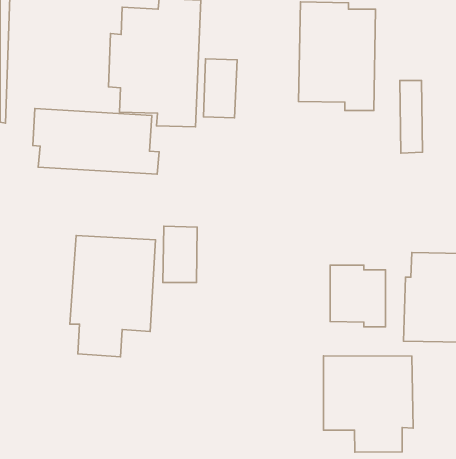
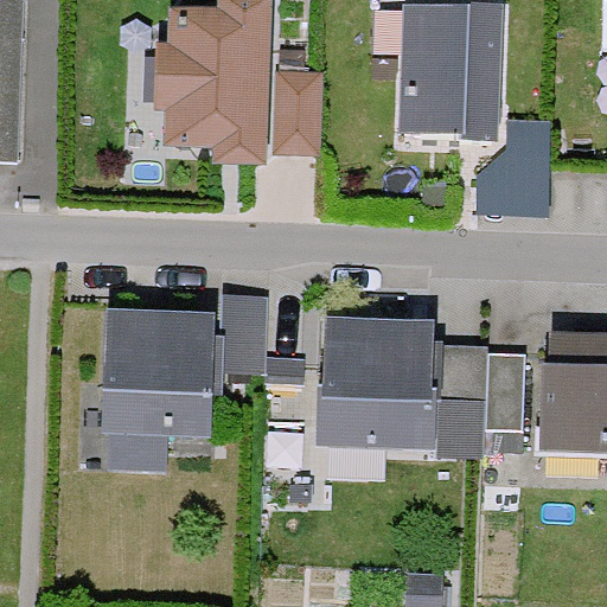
building: [33,109,159,174] -> none
building: none -> [319,318,433,448]
building: [323,356,413,452] -> none

